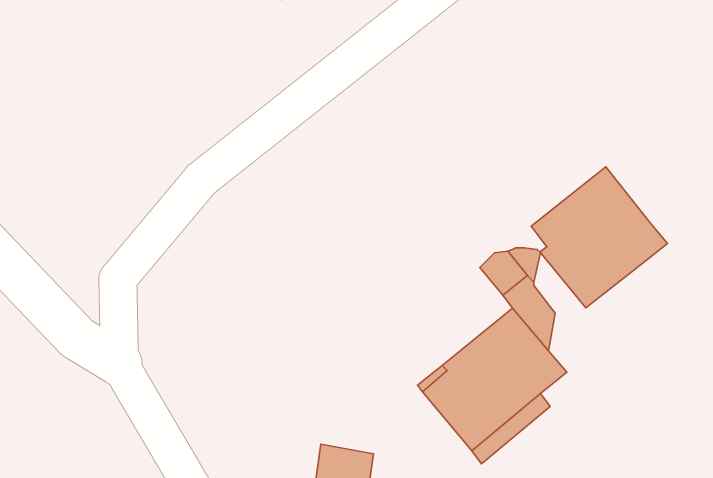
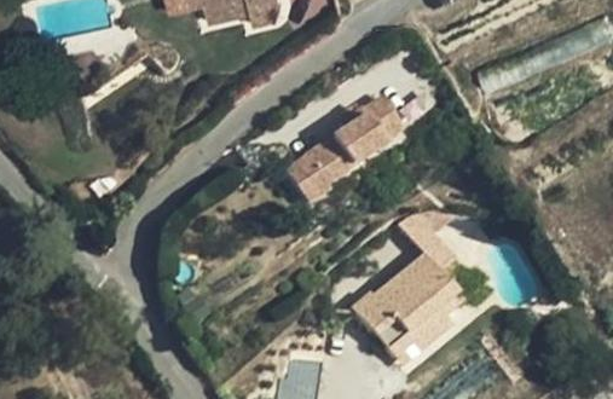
building: none -> [284,97,401,203]
building: [531,167,667,308] -> none

